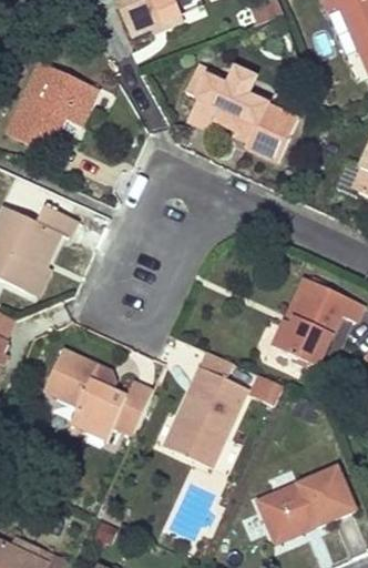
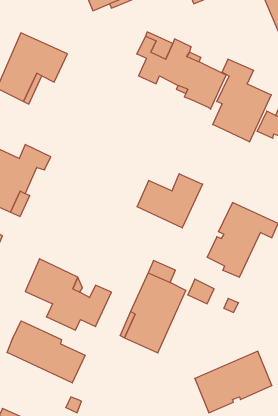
building: none -> [213,59,271,142]
building: none -> [137,174,203,228]
building: none -> [7,321,85,383]

